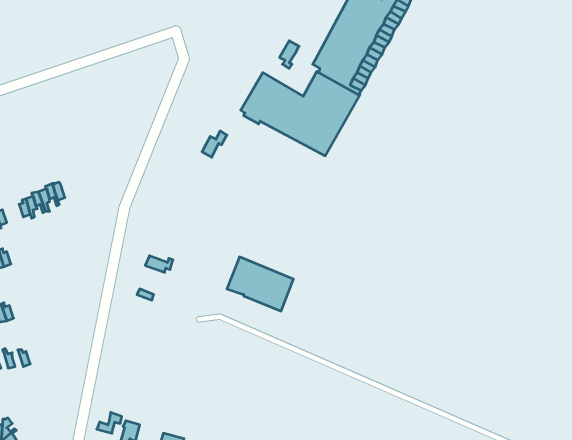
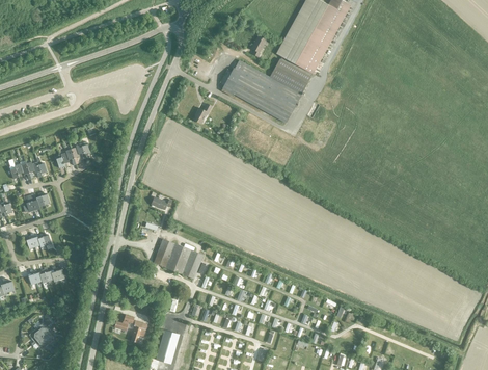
building: [227,257,293,311] -> [153,239,202,280]

